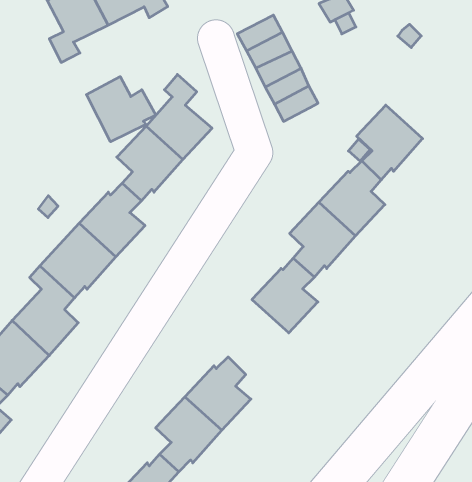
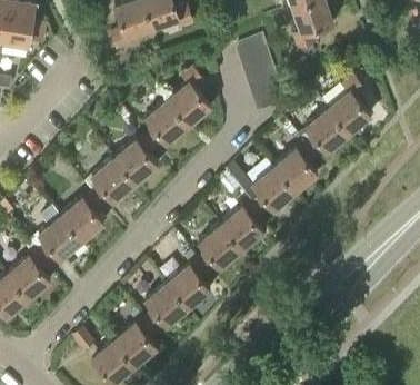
building: none -> [328,78,371,135]
building: [86,77,156,142] -> none
building: none -> [199,225,242,274]

